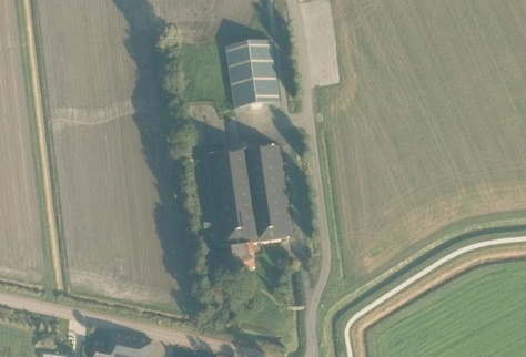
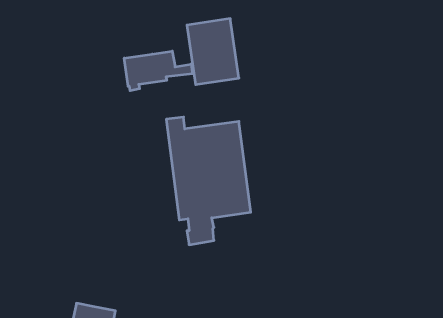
building: none -> [124,51,192,91]

